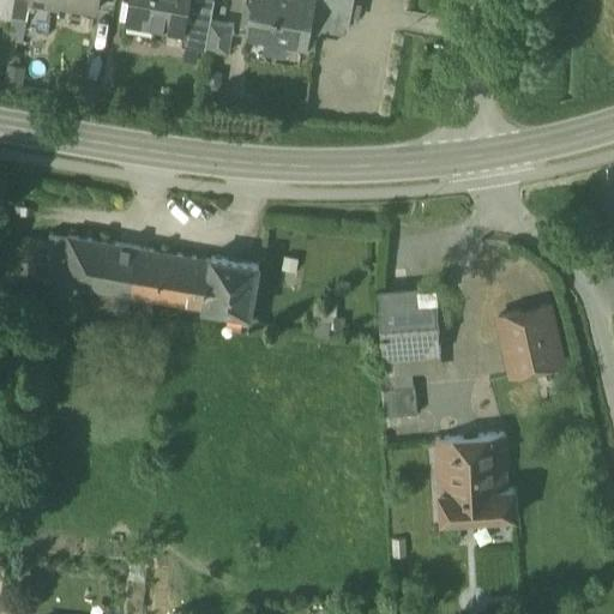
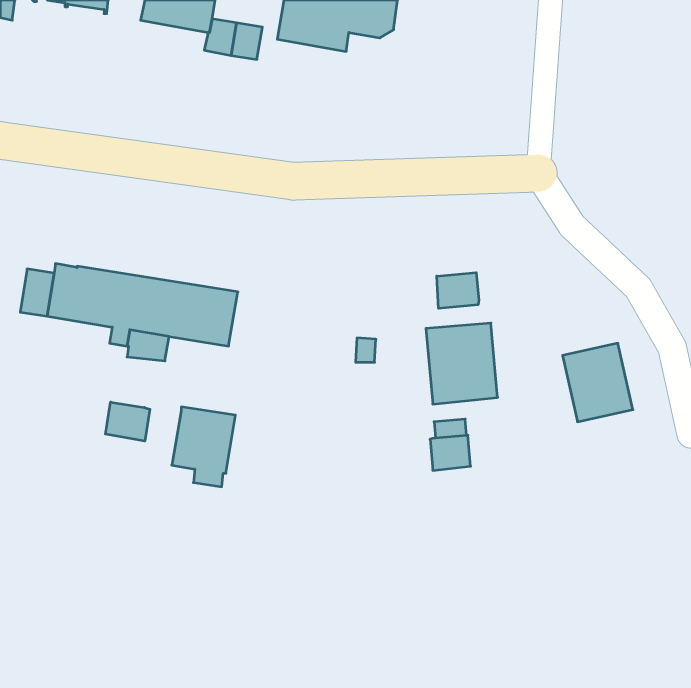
building: none -> [437,273,479,308]
building: [203,258,259,329] -> [172,407,235,487]
building: none -> [105,402,150,441]
building: [435,435,519,524] -> none

